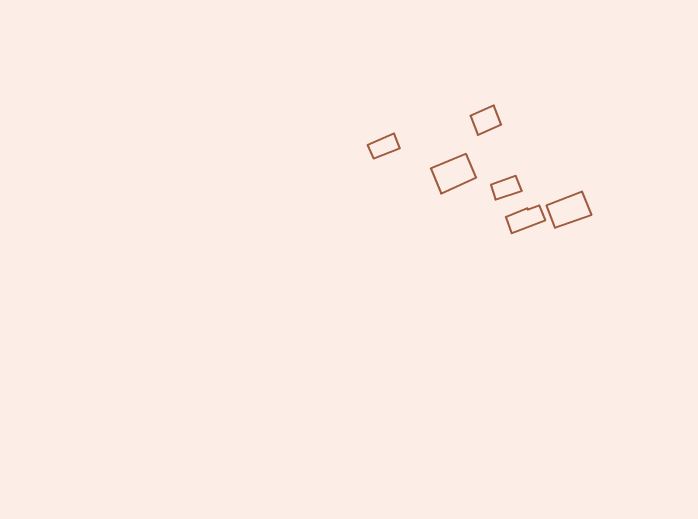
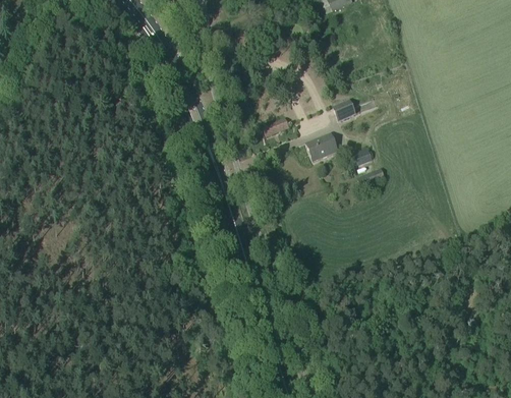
building: [547,191,591,228] -> none

